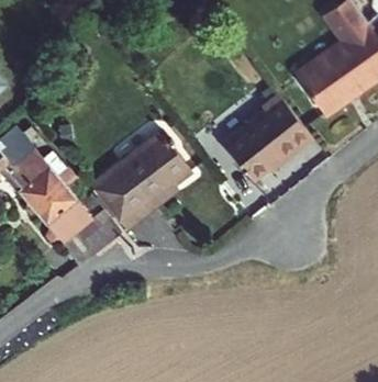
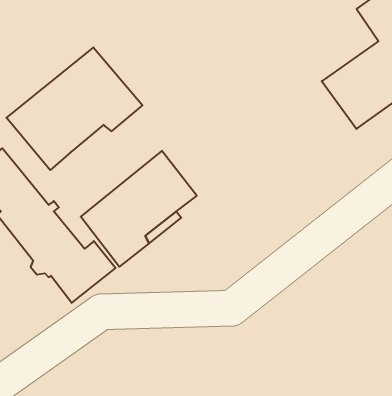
building: none -> [6,47,142,170]
building: [218,92,308,178] -> none

